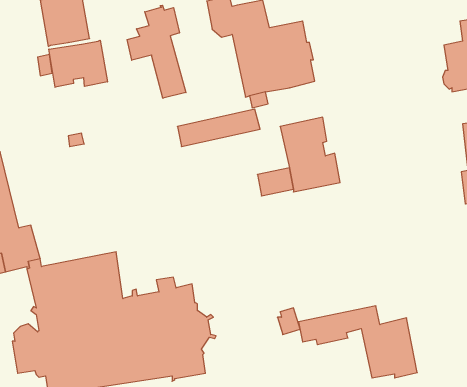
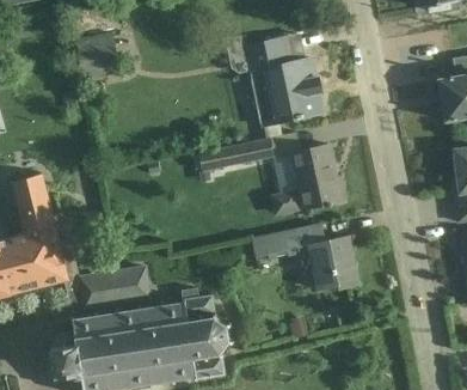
building: [127,5,186,98] -> none
building: [49,40,107,87] -> none
building: [299,306,417,378] -> [252,224,358,288]

